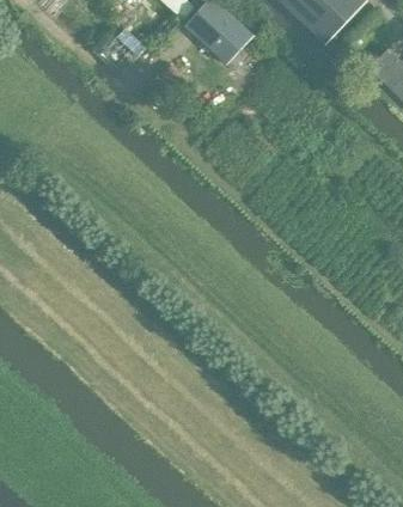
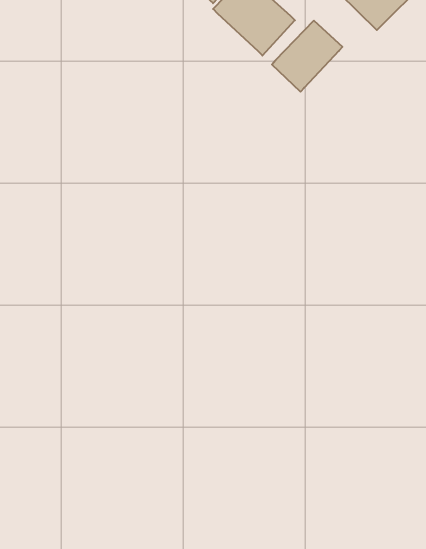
building: none -> [272,21,342,92]

